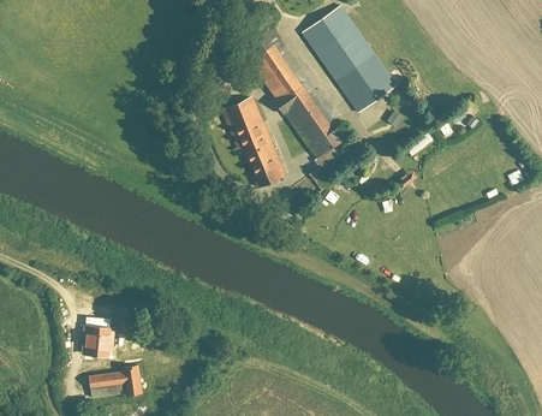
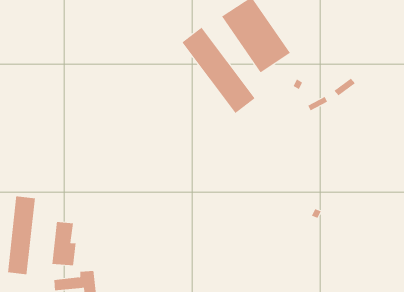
building: [222,97,285,188] -> none
building: none -> [7,195,35,275]

